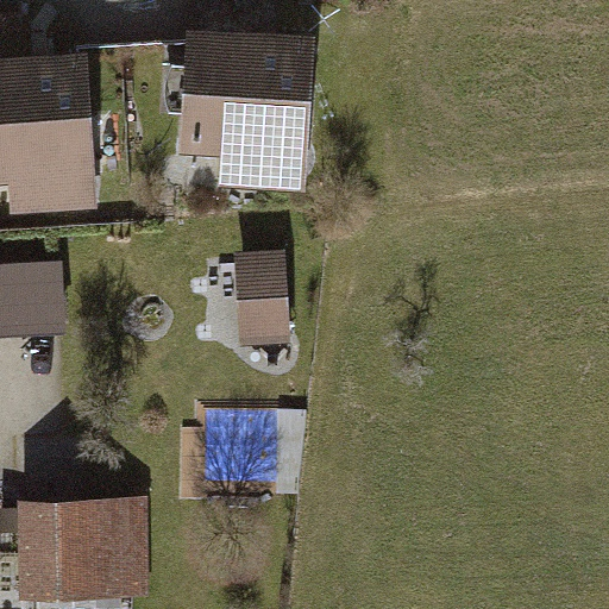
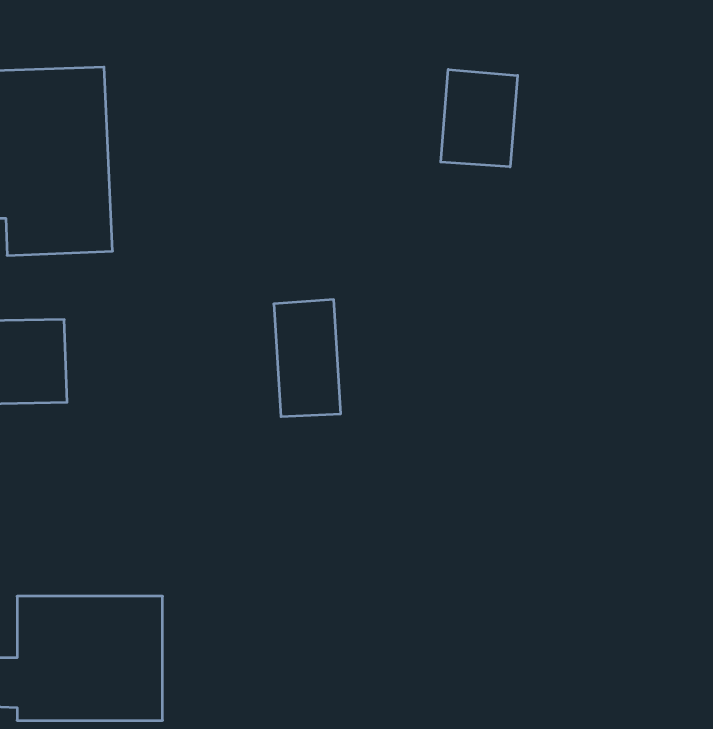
building: [184,23,322,195] -> none
building: none -> [441,69,518,167]

